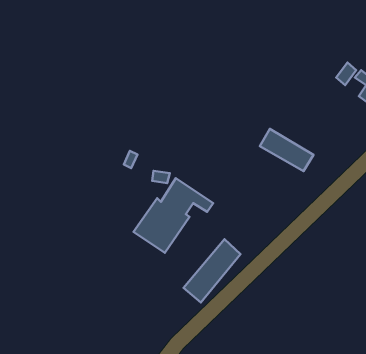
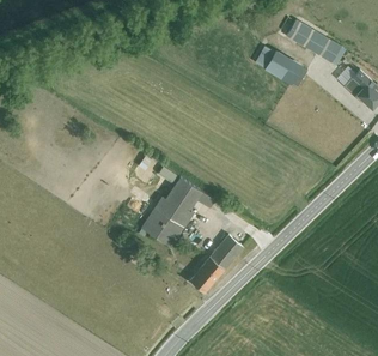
building: none -> [286,19,341,62]
building: [260,129,313,171] -> [255,46,306,86]

